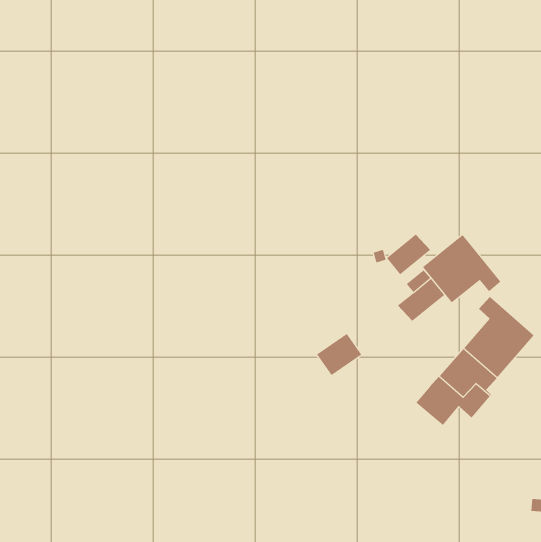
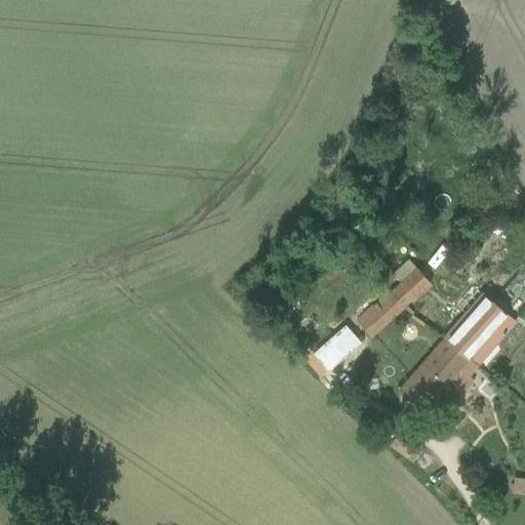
building: [386,234,431,275] -> [357,296,400,336]
building: [422,234,501,303] -> none

